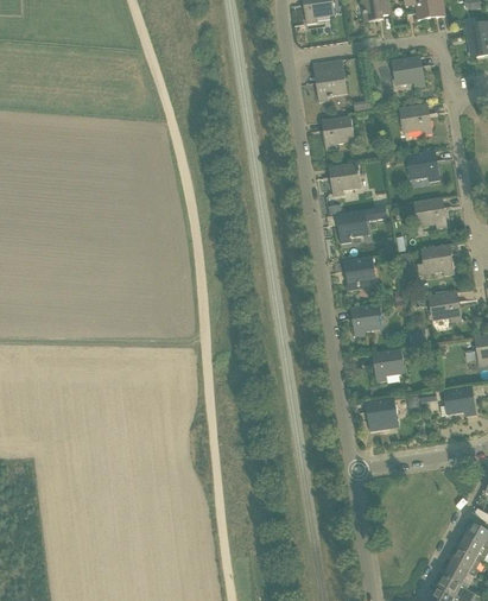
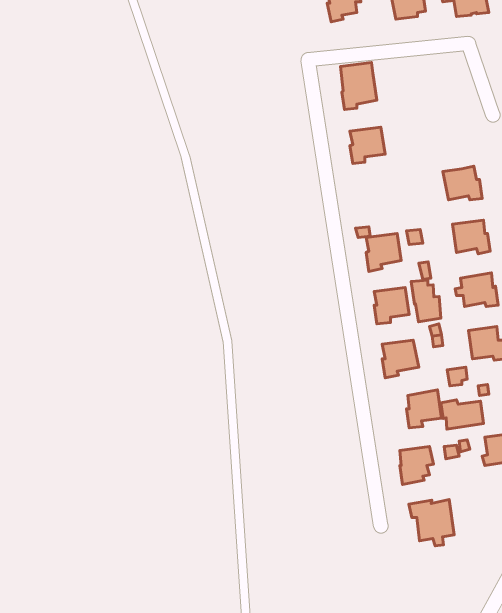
building: [391,56,425,86] -> none
building: [398,103,432,133] -> none
building: [330,162,361,195] -> none
building: none -> [411,280,441,322]
building: none -> [441,400,483,429]
building: none -> [409,500,454,546]

